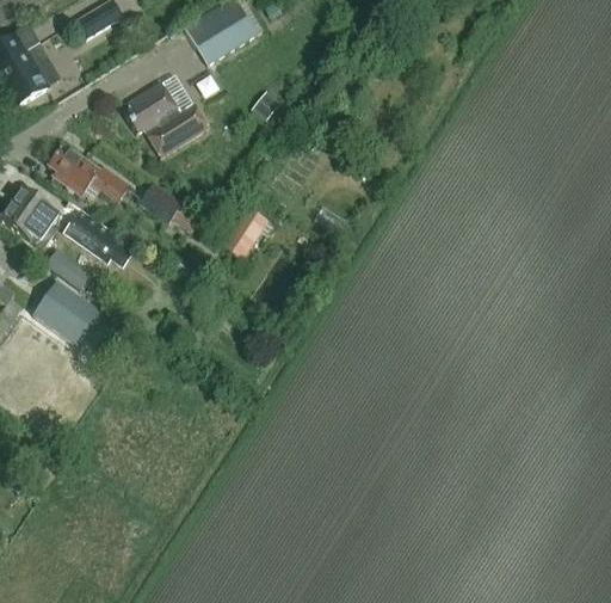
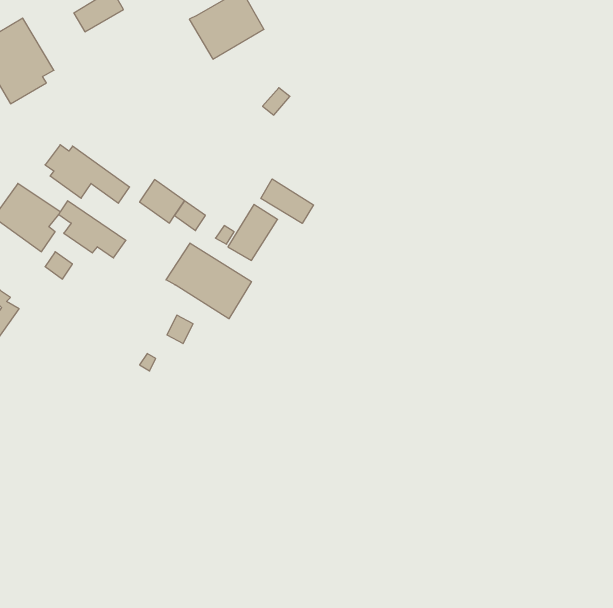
building: [123,75,209,158] -> none
building: none -> [261,179,314,223]
building: none -> [166,243,251,319]
building: [33,279,105,349] -> none

